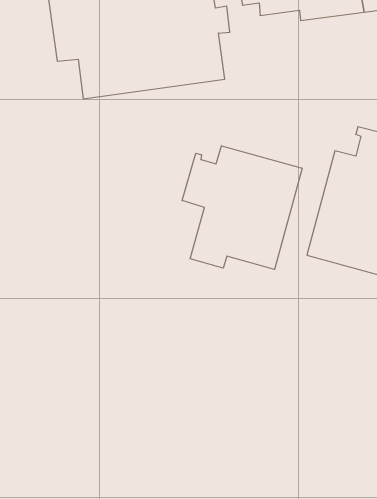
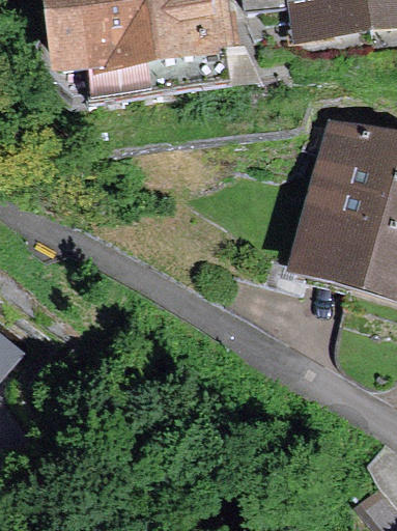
building: [182,146,302,269] -> none

